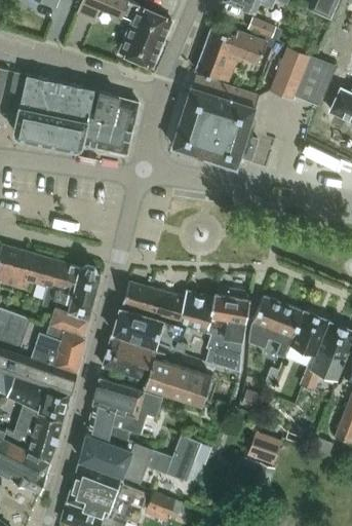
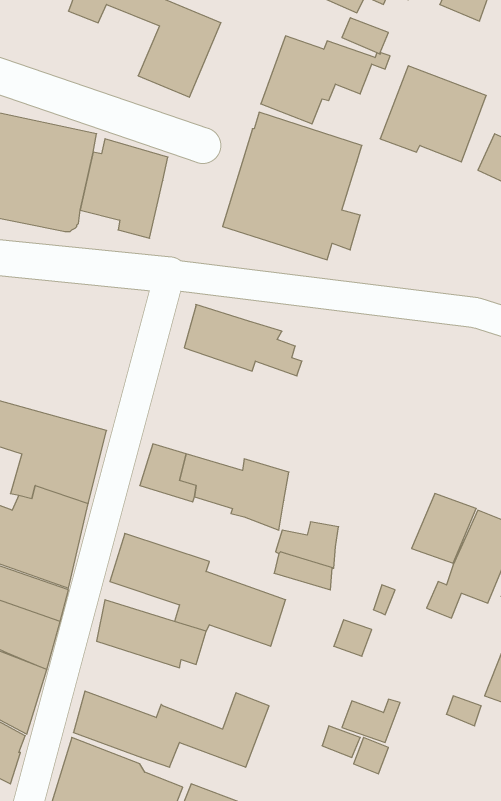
building: [209,295,249,333] -> none
building: [248,297,302,359] -> none
building: [113,307,186,351] -> [184,305,302,376]
building: [86,404,145,451] -> none

